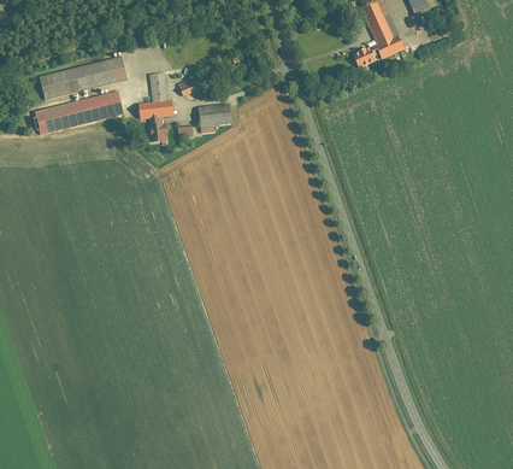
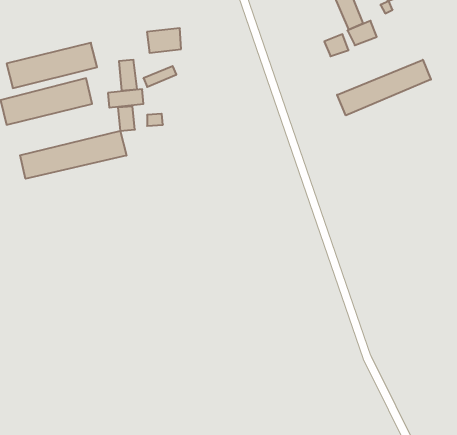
building: none -> [337,60,431,115]
building: [197,102,231,127] -> [147,28,181,53]
building: none -> [20,131,126,179]

